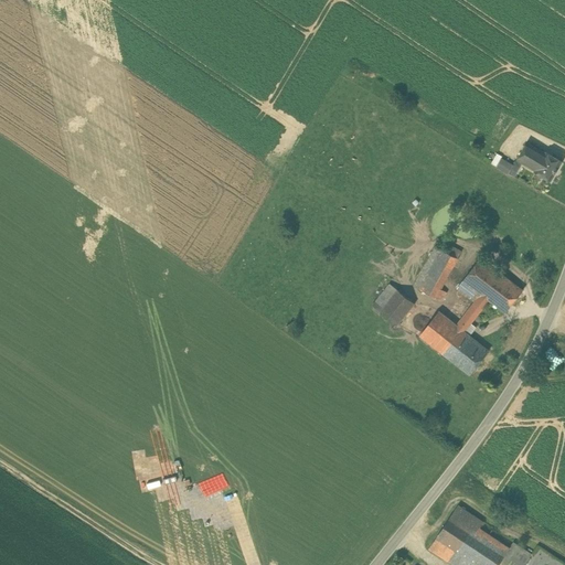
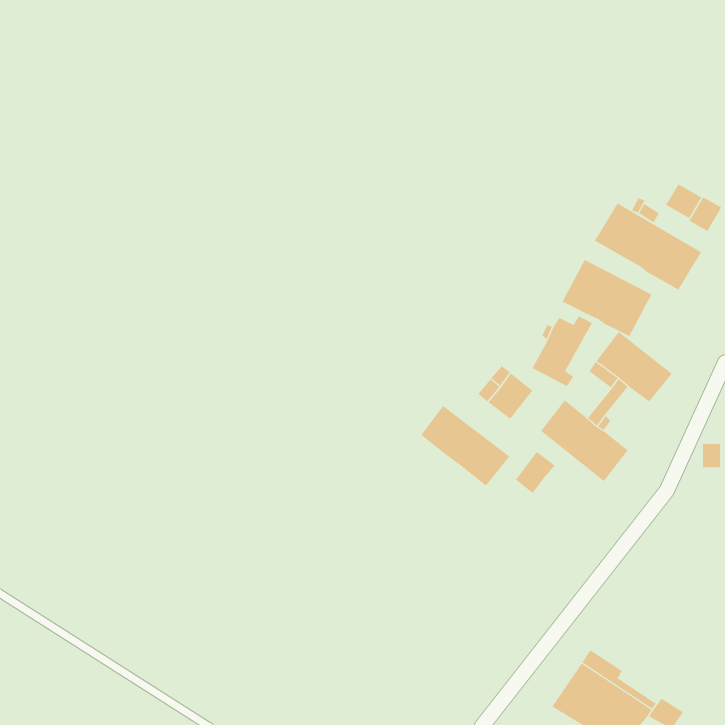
building: none -> [594,202,702,290]
building: none -> [562,259,652,337]
building: none -> [421,405,510,486]
building: none -> [515,451,556,494]

